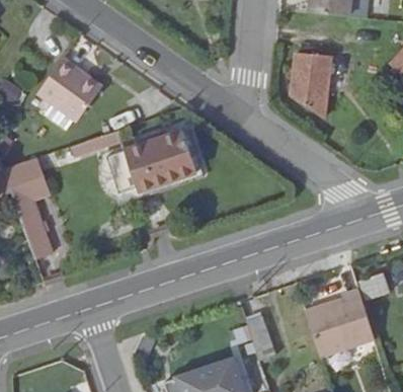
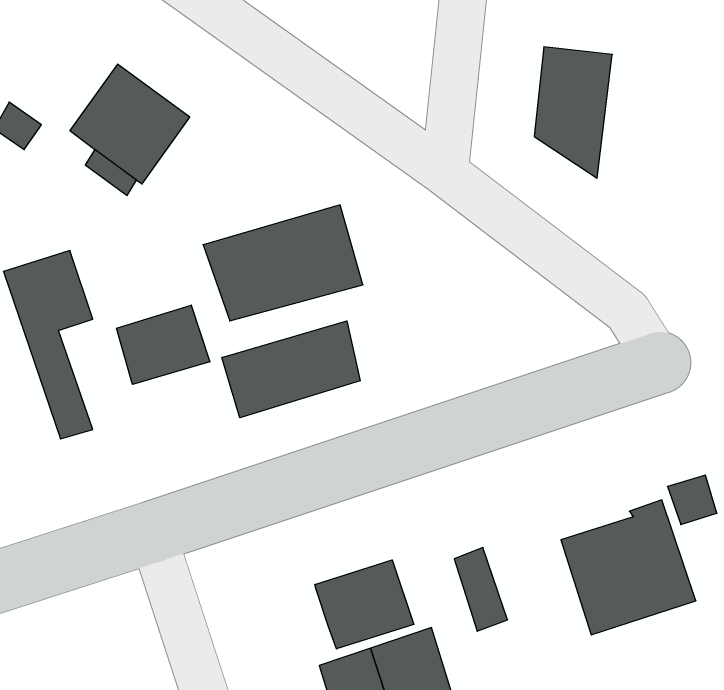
building: none -> [117,305,210,384]
building: none -> [222,321,360,418]
building: none -> [315,560,414,649]

